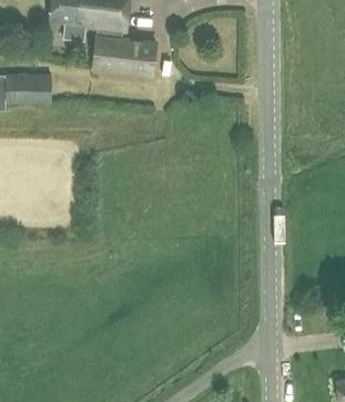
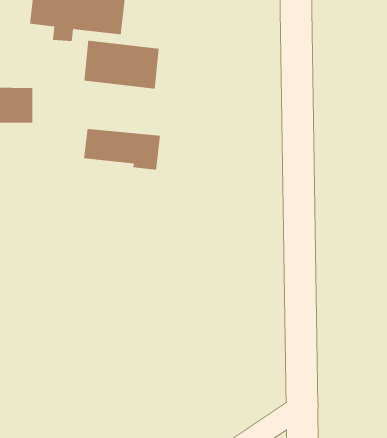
building: none -> [84,128,160,170]

